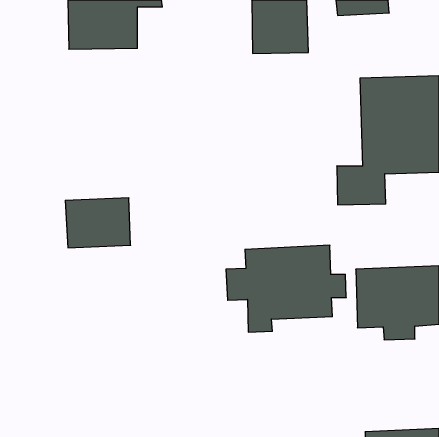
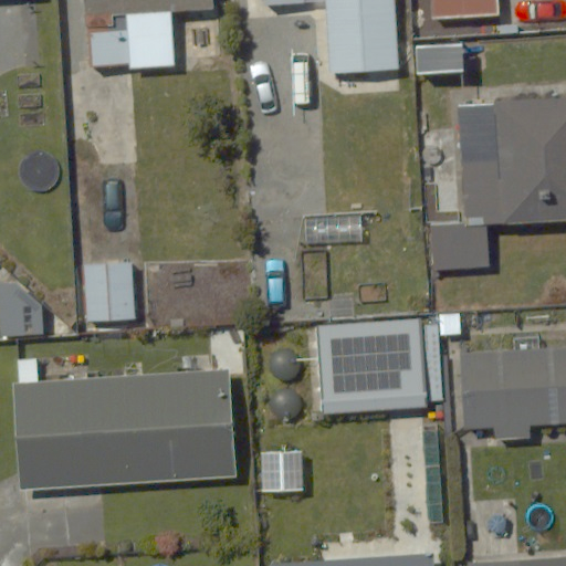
building: none -> [12,356,235,484]

